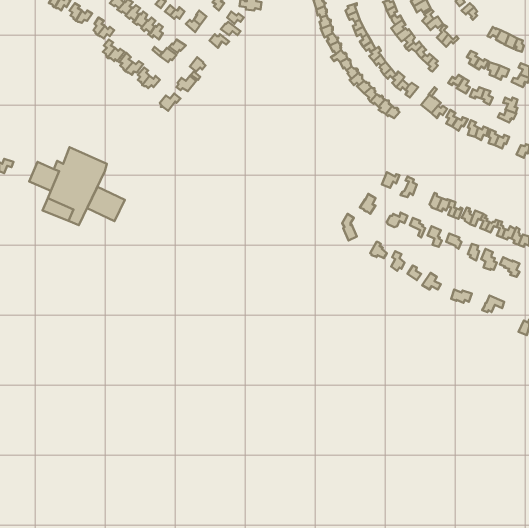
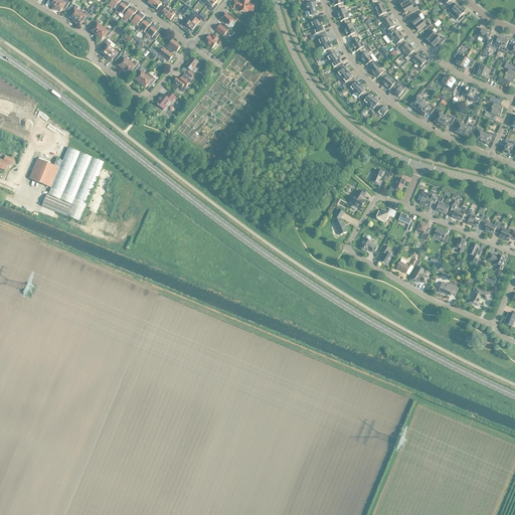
building: [87,187,125,221] -> none

